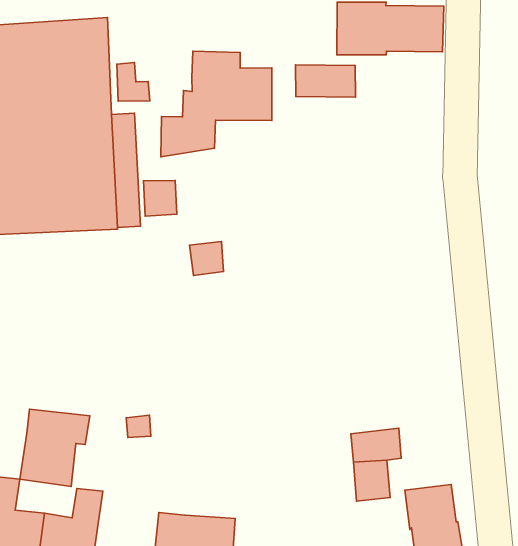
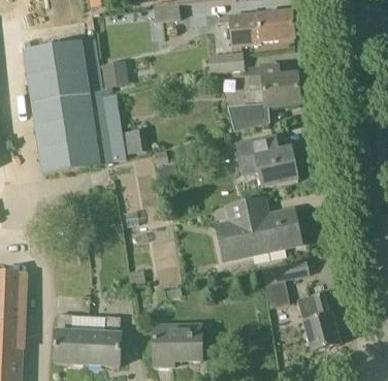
building: [161,51,272,157] -> [235,65,300,131]
building: none -> [237,135,298,186]
building: none -> [213,197,301,258]
building: [20,409,90,486] -> none

